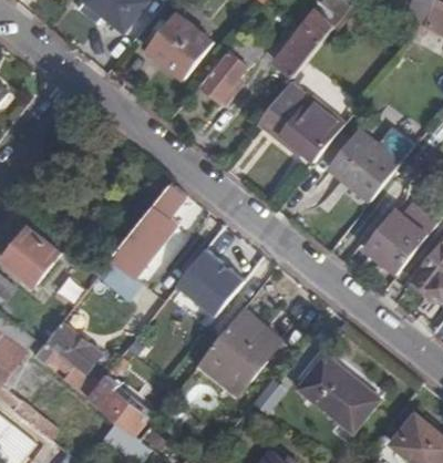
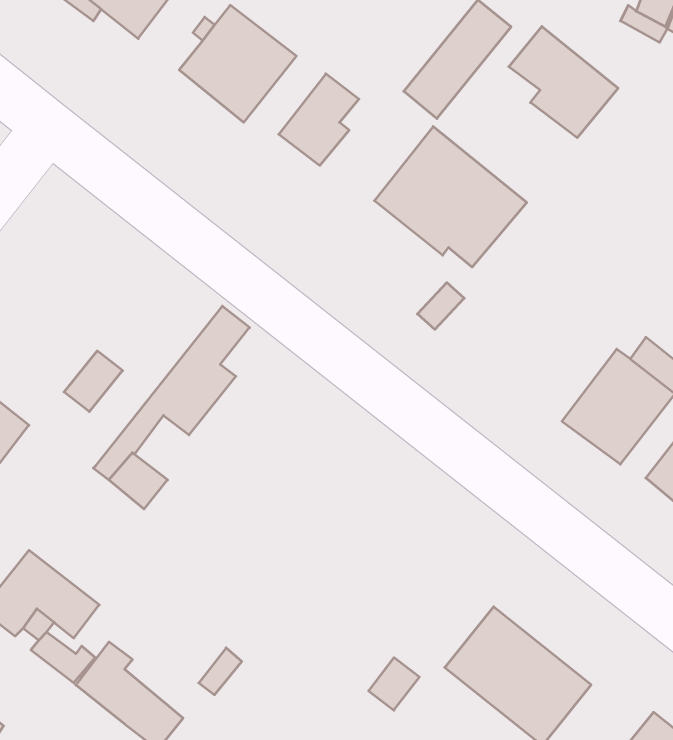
building: none -> [509,26,618,138]
building: [328,130,400,200] -> none
building: [173,243,235,309] -> none
building: [200,310,280,393] -> none

